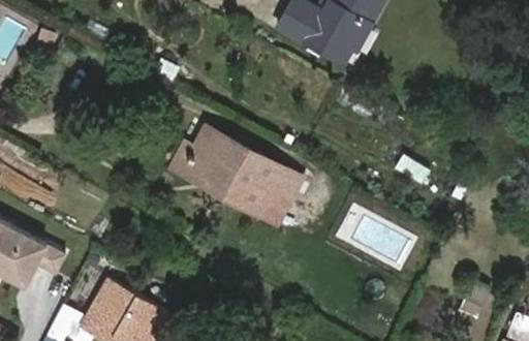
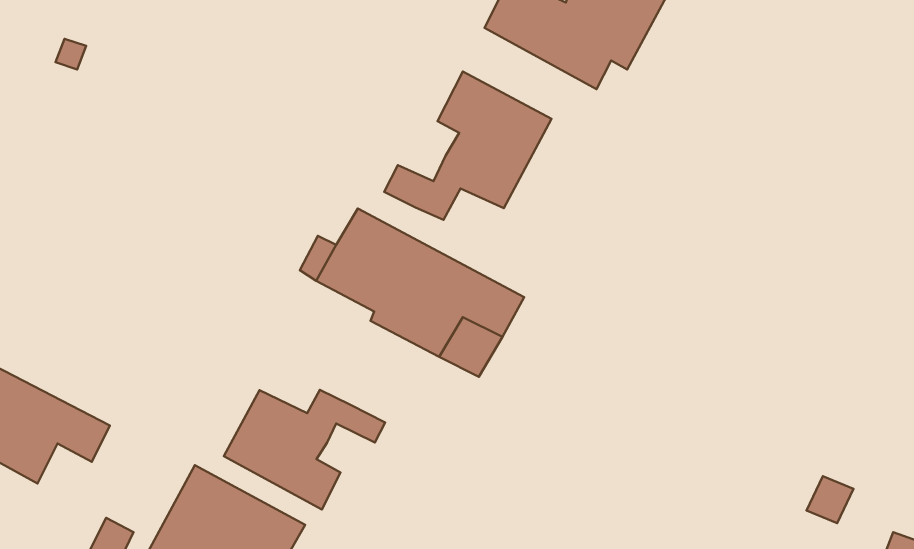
building: none -> [384,72,551,220]
building: none -> [224,390,385,509]

